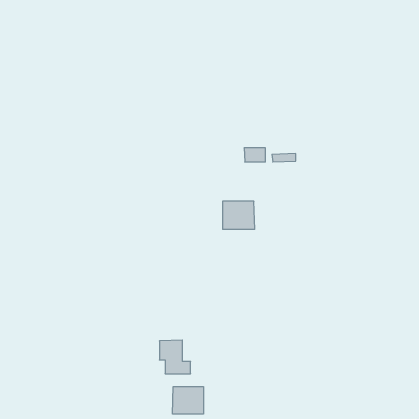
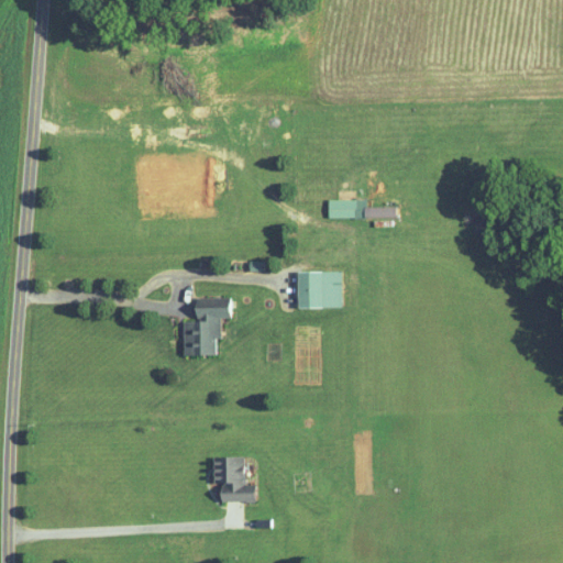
building: none -> [183,299,230,355]
building: [173,387,203,414] -> none

